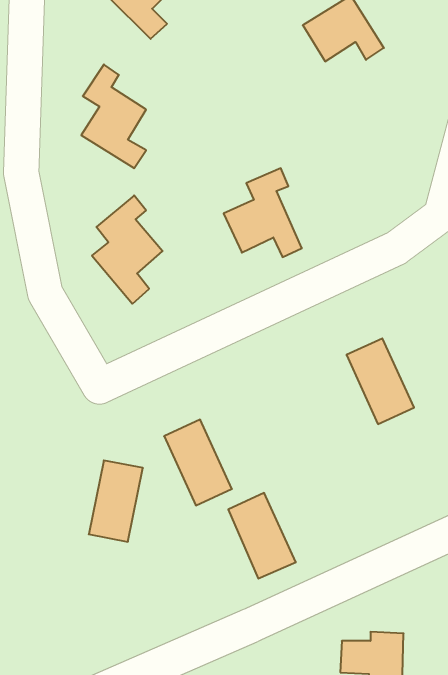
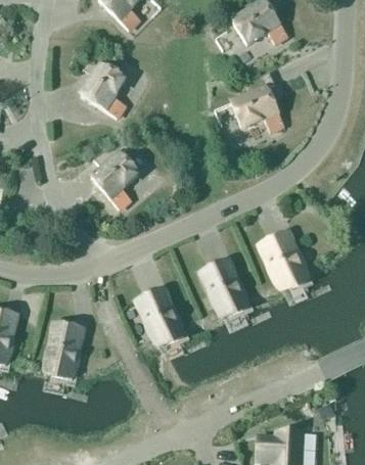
building: [224,168,302,257] -> [232,72,285,132]
building: [89,460,143,542] -> [47,323,84,378]
building: [228,493,296,579] -> [203,260,249,318]

